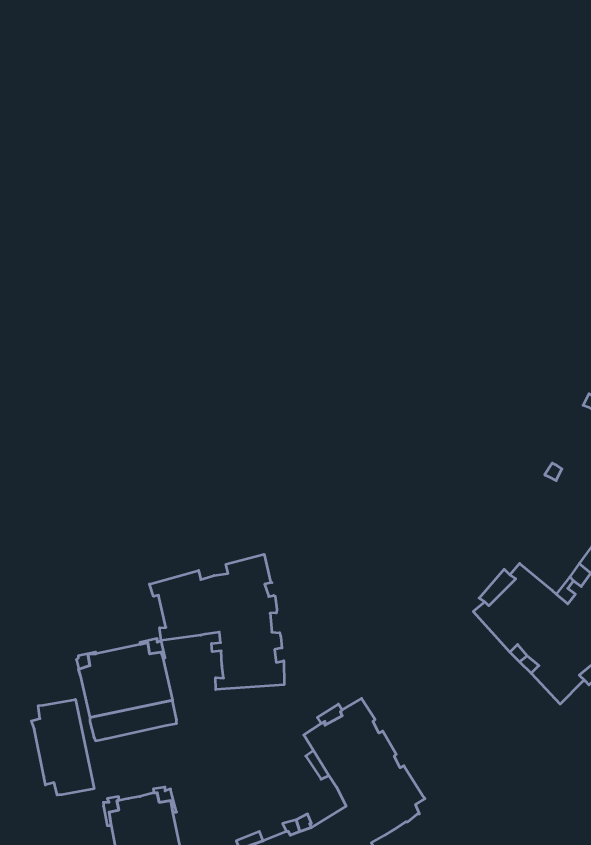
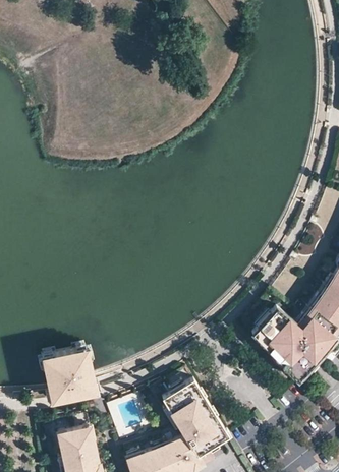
building: [149,554,284,690] -> none
building: [31,699,94,795] -> none

